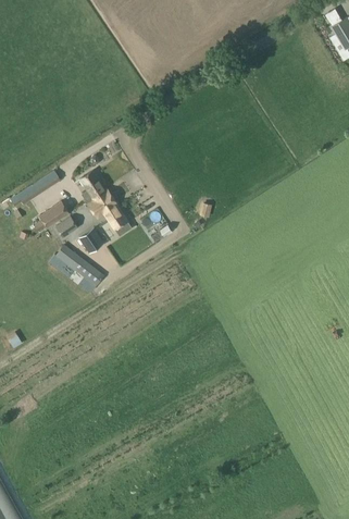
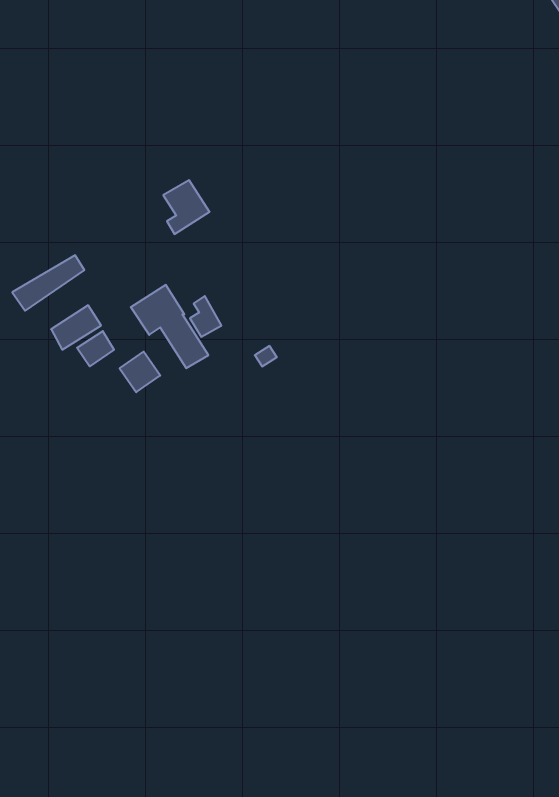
building: [80,171,108,202] -> [163,180,210,234]
building: [53,247,103,287] -> none

